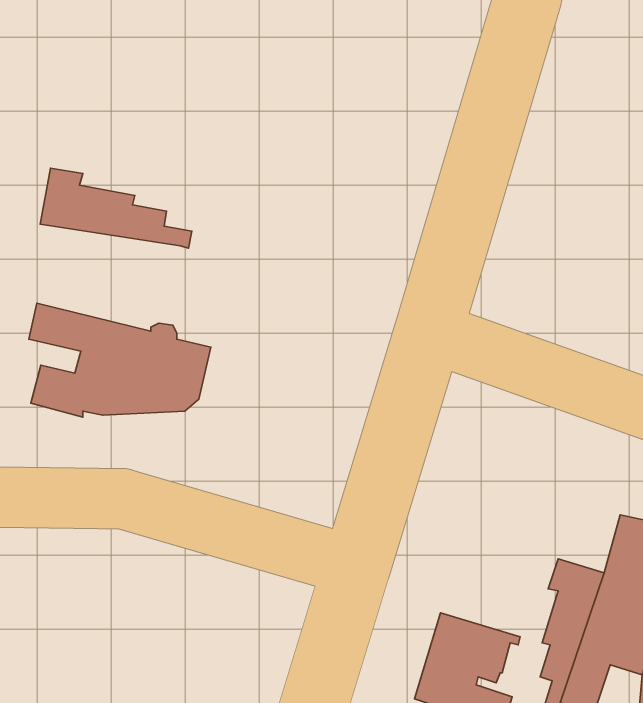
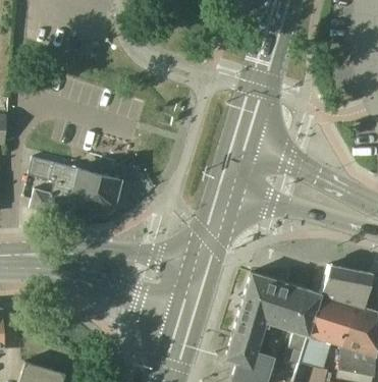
building: [40,168,192,248] -> none
building: none -> [238,272,299,330]

